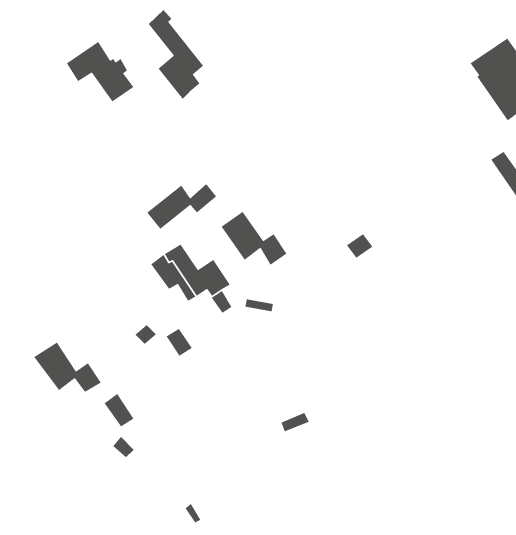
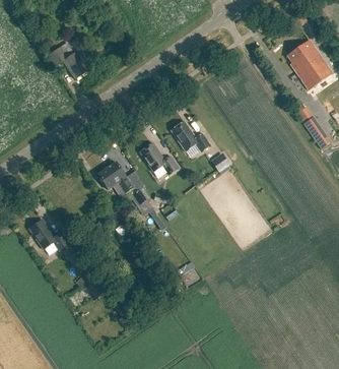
building: [148,9,204,100] -> none
building: none -> [171,120,211,151]
building: [146,183,217,230] -> none

